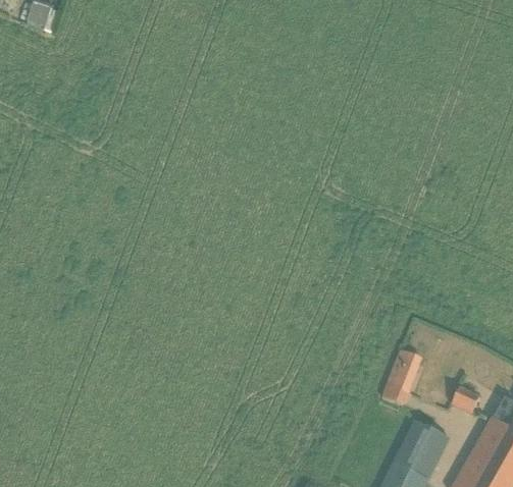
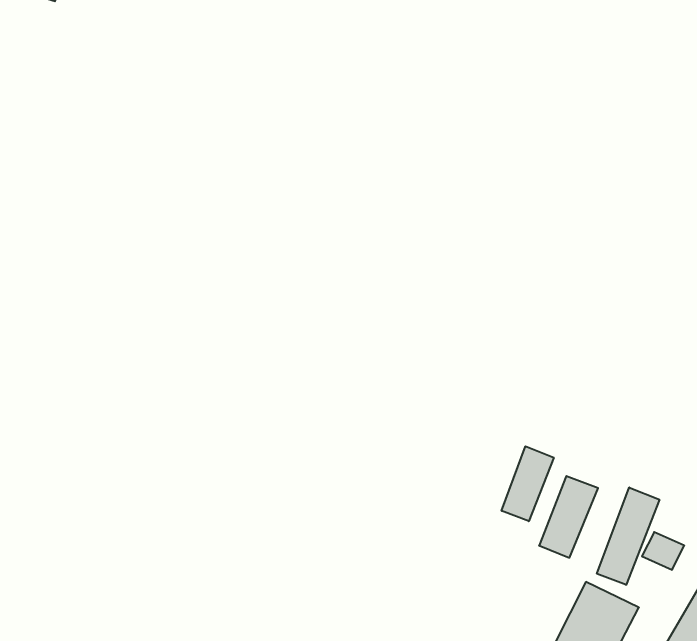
building: none -> [502,446,554,521]
building: none -> [597,487,659,585]

